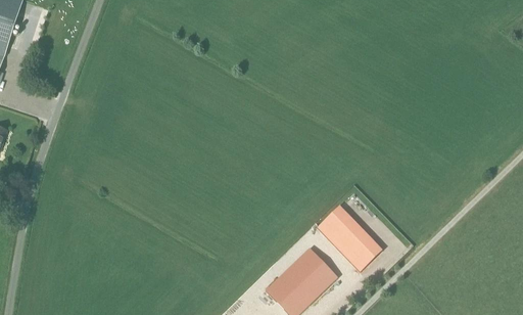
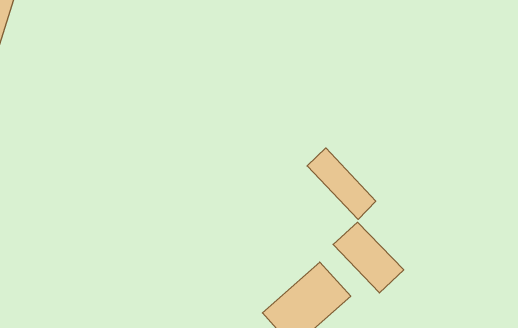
building: none -> [307,148,376,219]

